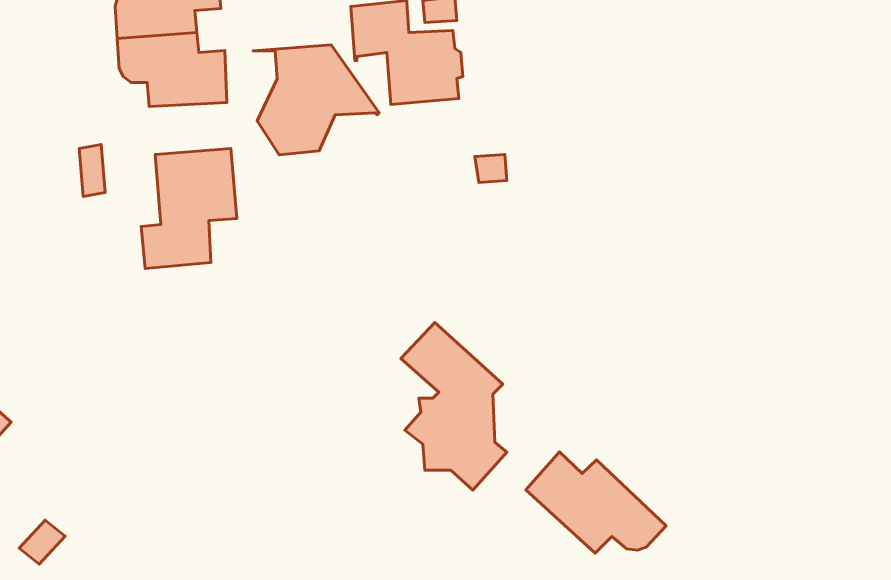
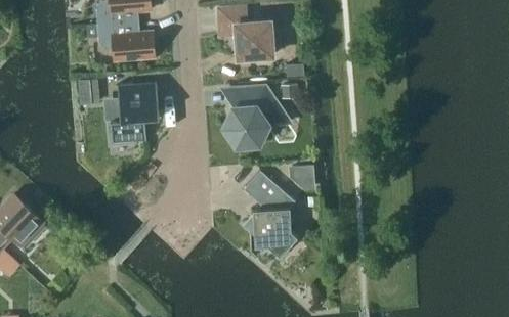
building: [253,45,379,155] -> [223,89,288,145]
building: none -> [289,165,315,190]
building: [526,452,666,553] -> none

